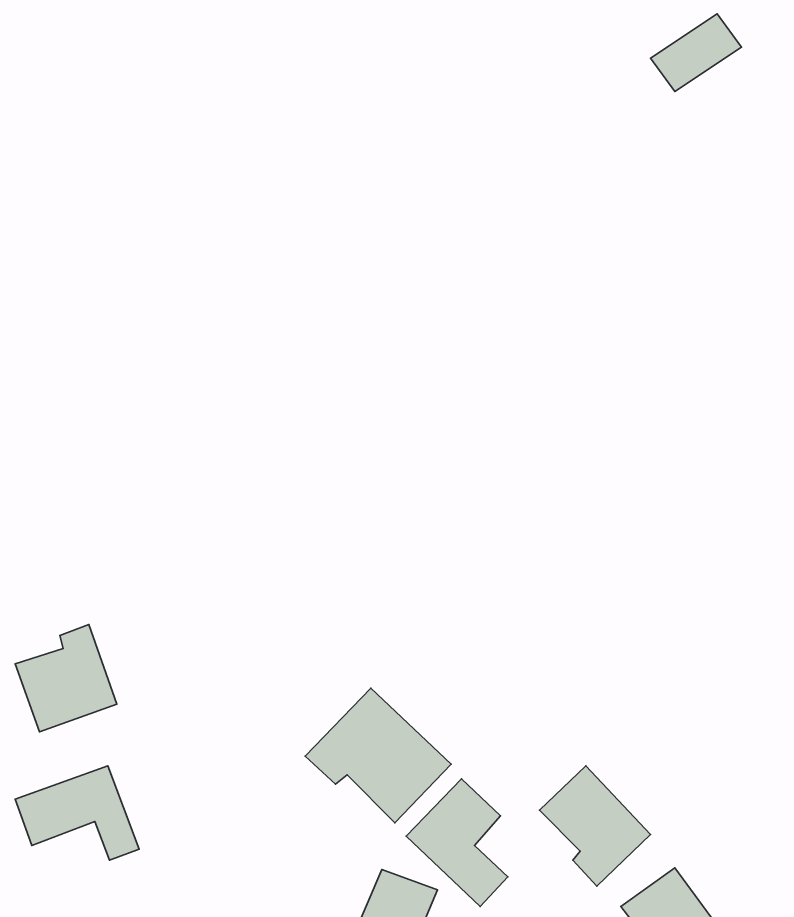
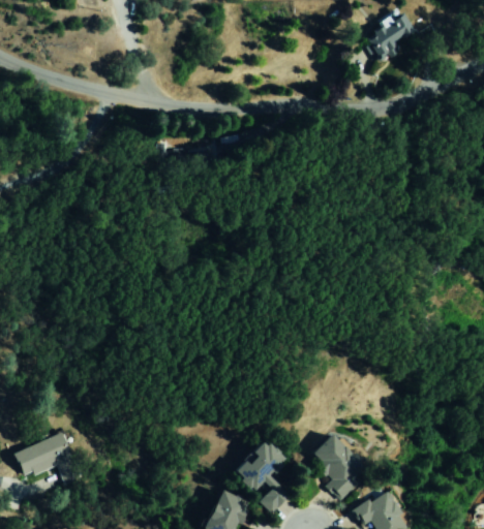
building: [15,625,117,732] -> none
building: [305,688,451,823] -> none

